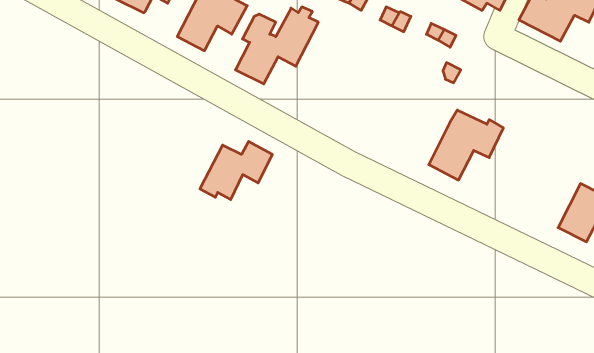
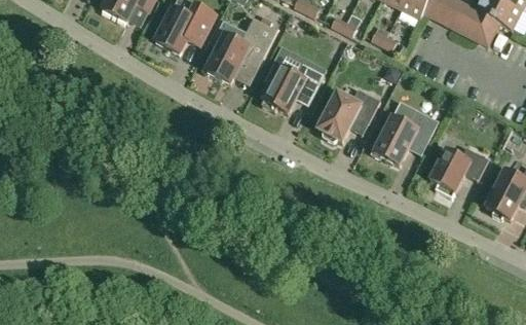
building: none -> [317,89,380,143]
building: [200,141,272,200] -> [261,64,324,114]
building: none -> [428,148,488,198]

